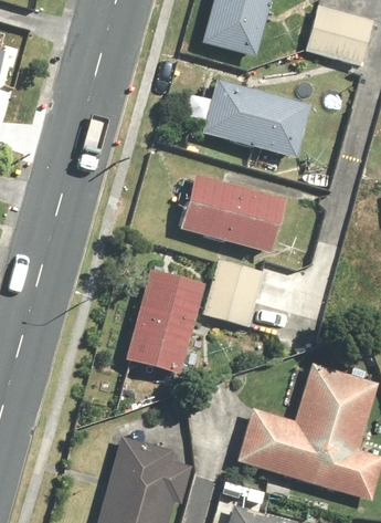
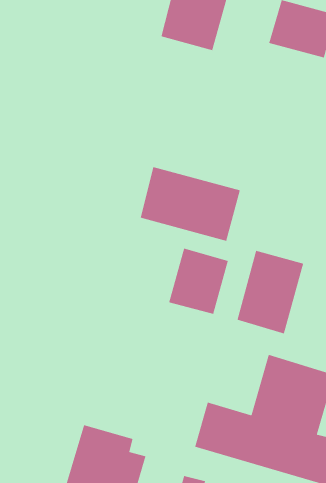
building: [202,81,308,156] -> none
building: none -> [236,250,304,334]
building: [125,271,203,376] -> none

